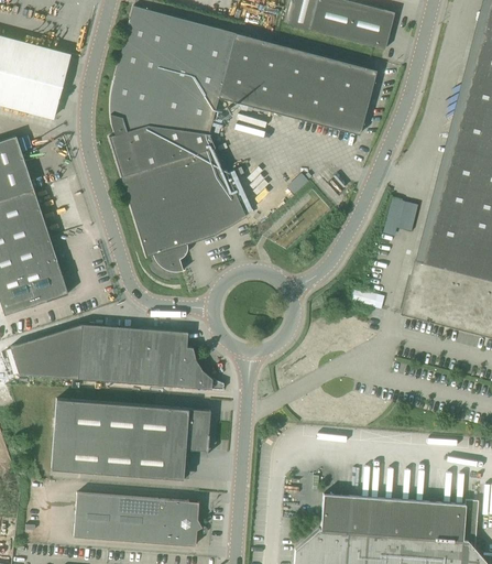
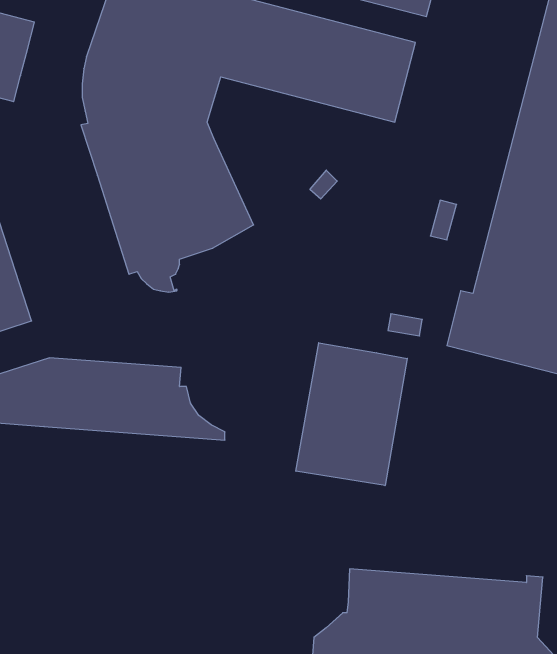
building: none -> [296,343,407,486]
building: [52,399,210,479] -> none
building: [74,492,201,545] -> none

